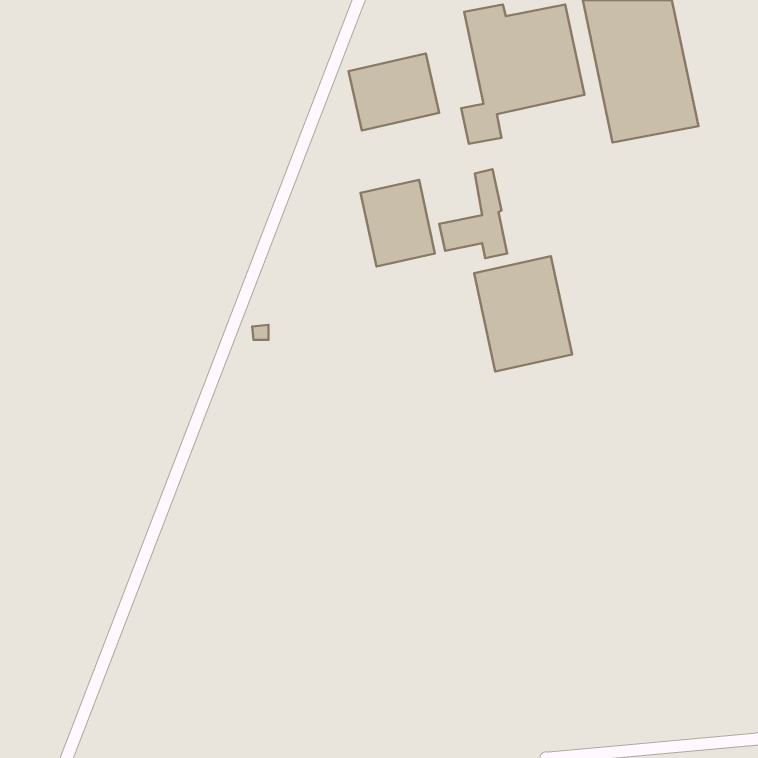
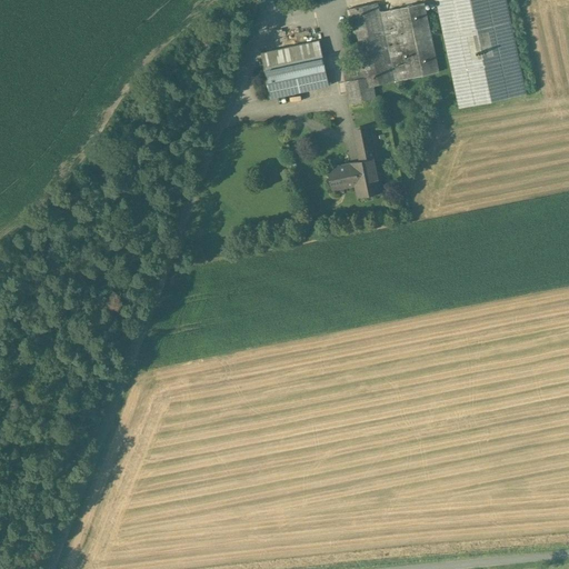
building: [361,180,435,266] -> none
building: [474,256,572,371] -> none

